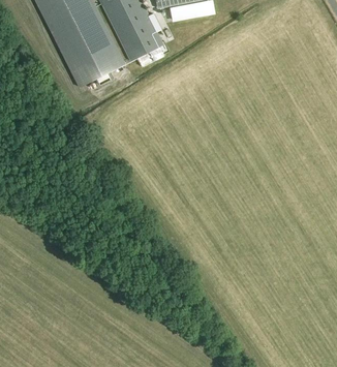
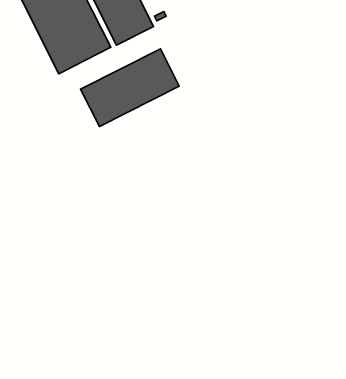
building: none -> [81,49,179,126]

